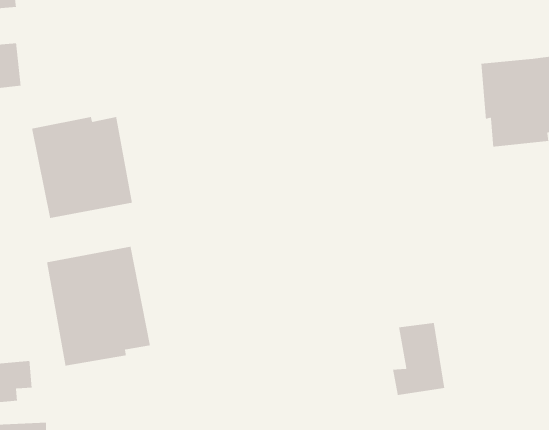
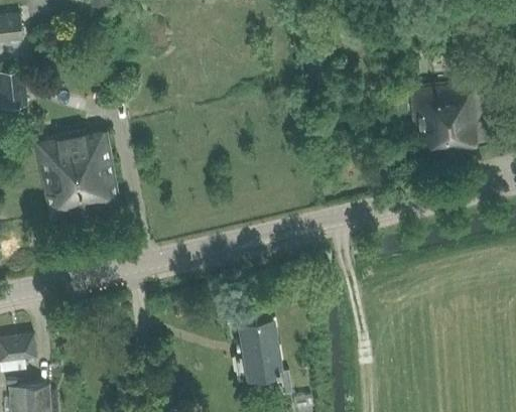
building: [46,246,151,367] -> none
building: [392,322,445,396] -> [236,317,280,379]

